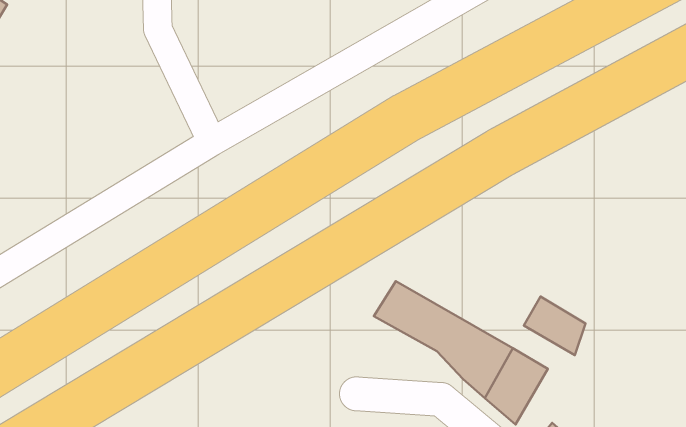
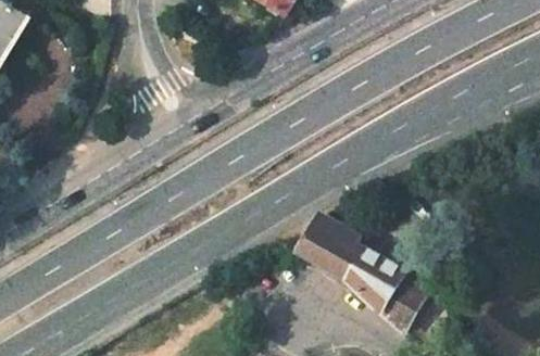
building: [524,296,585,355] -> none

